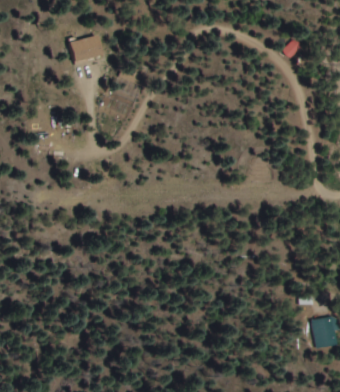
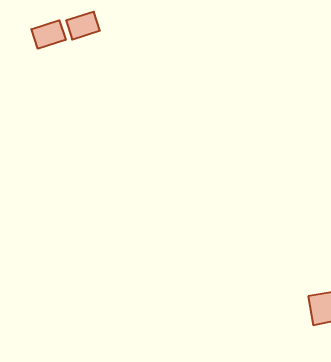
building: none -> [31,20,66,49]

